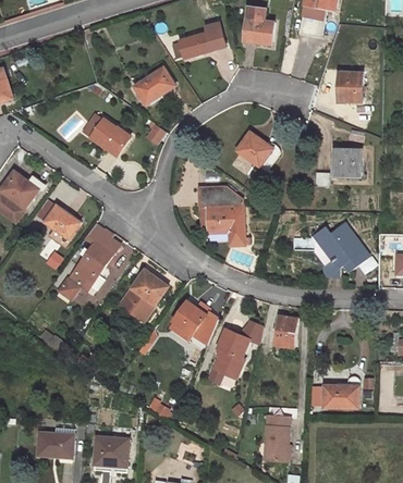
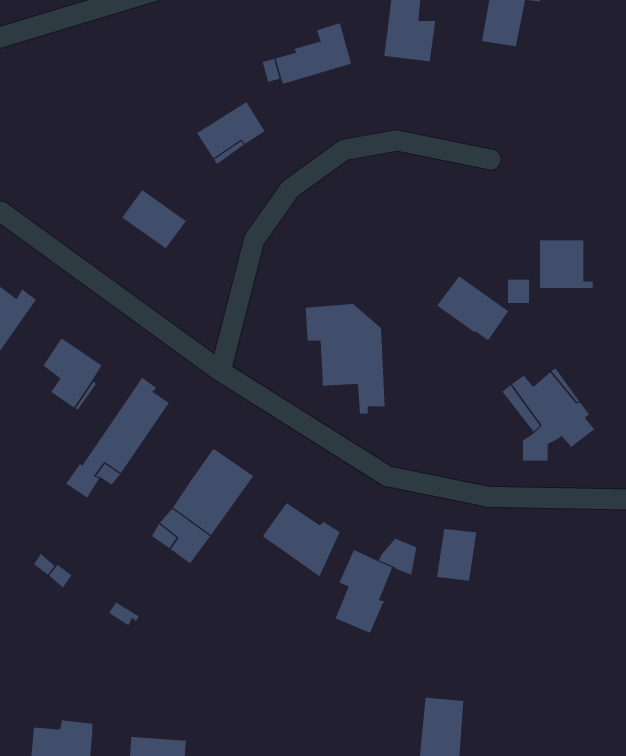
building: [337,72,362,101] -> none
building: [236,132,279,170] -> [436,275,509,341]
building: [323,379,358,407] -> none

